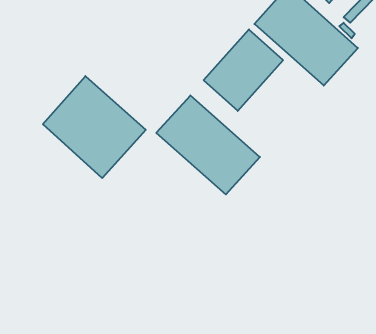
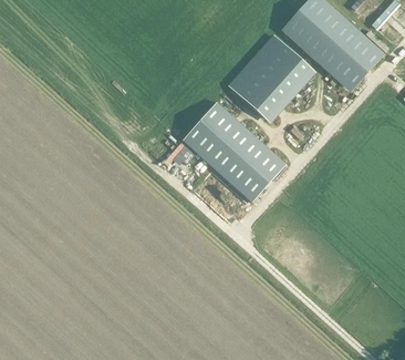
building: [43,76,146,178] -> none

